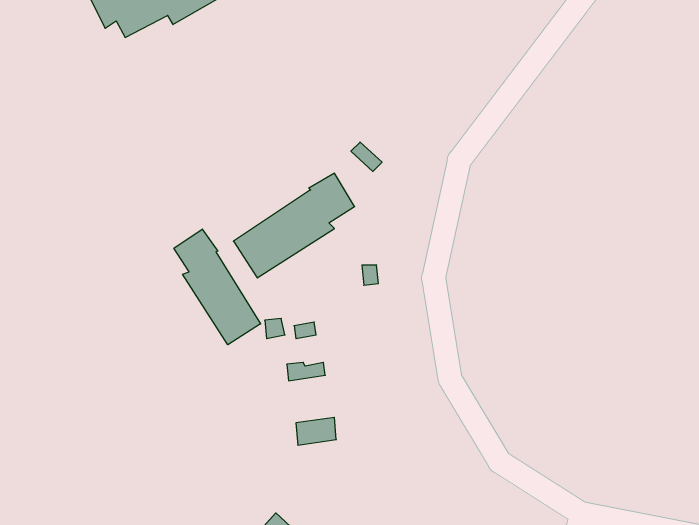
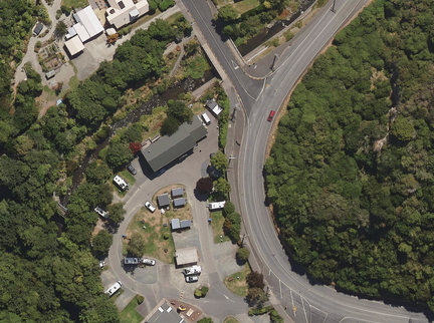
building: [174,229,261,345] -> none

